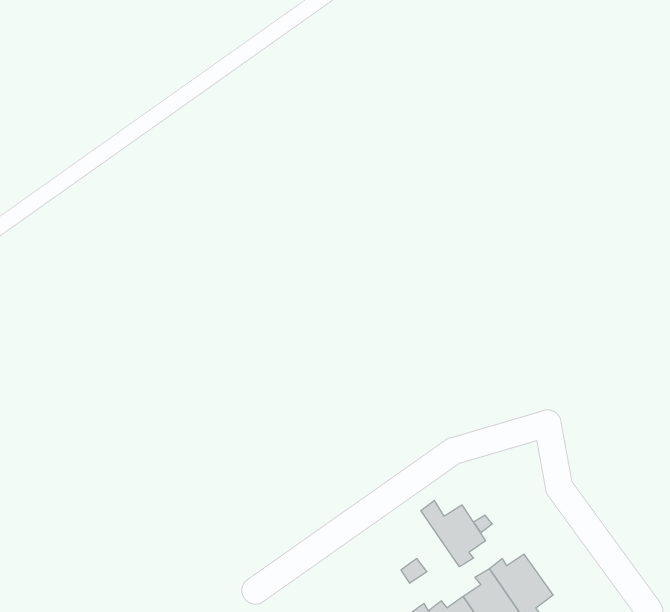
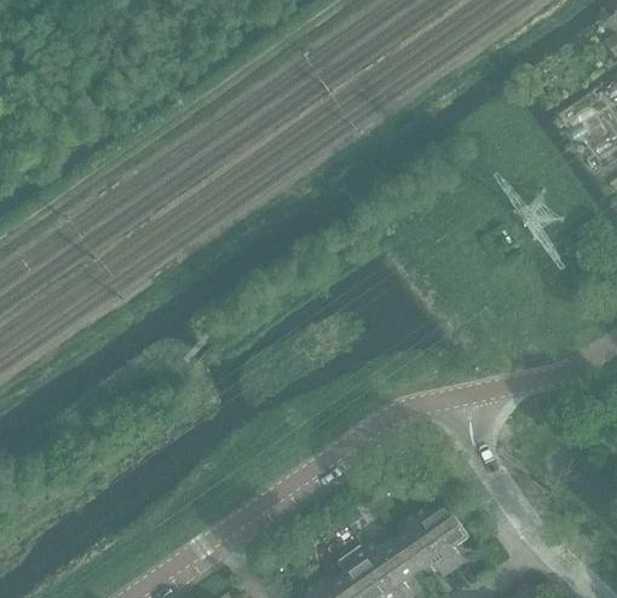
building: [421,500,486,567] -> none

